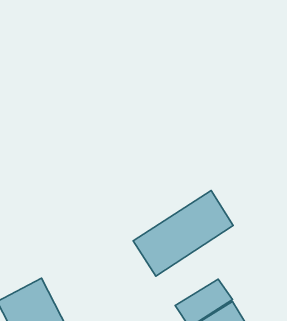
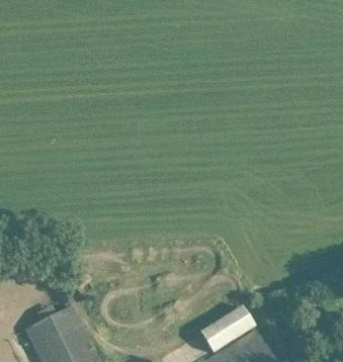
building: [133,190,233,276] -> none

